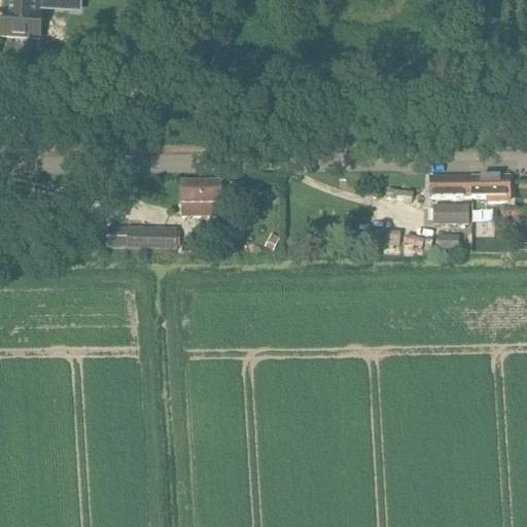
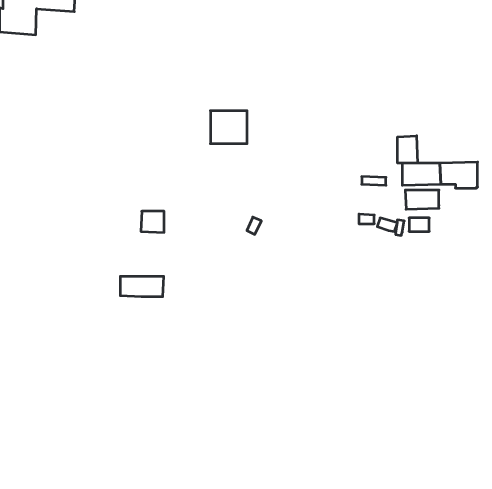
building: none -> [398,136,418,163]
building: [181,179,220,214] -> [210,111,247,144]
building: [105,225,151,247] -> [120,276,164,297]

